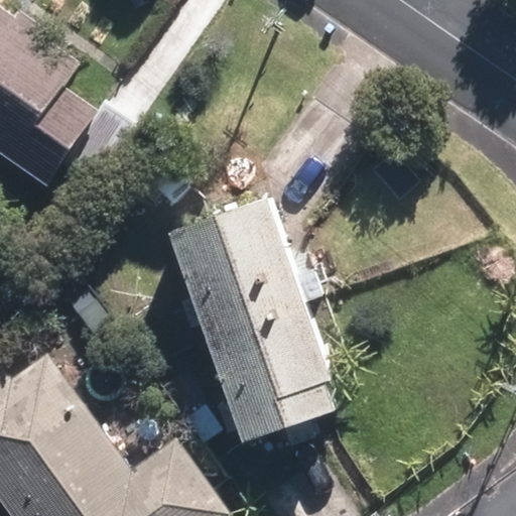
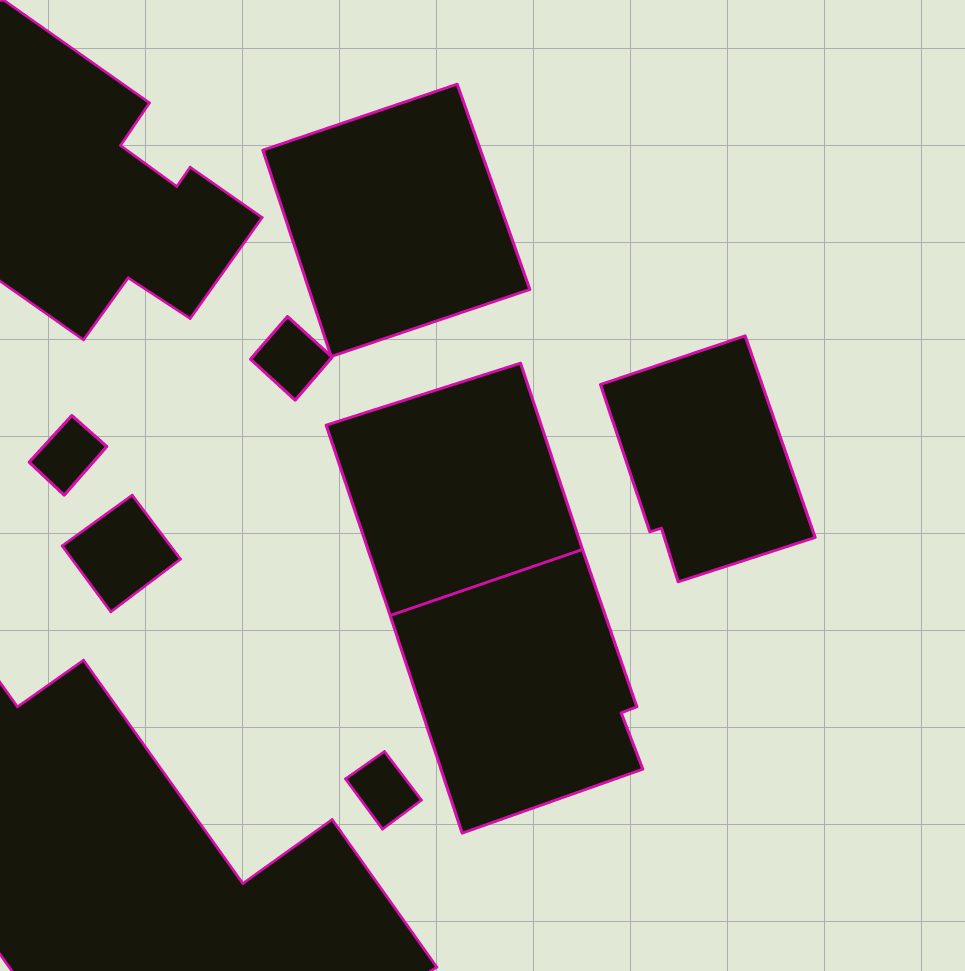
building: none -> [263,84,530,356]
building: none -> [600,336,815,582]

